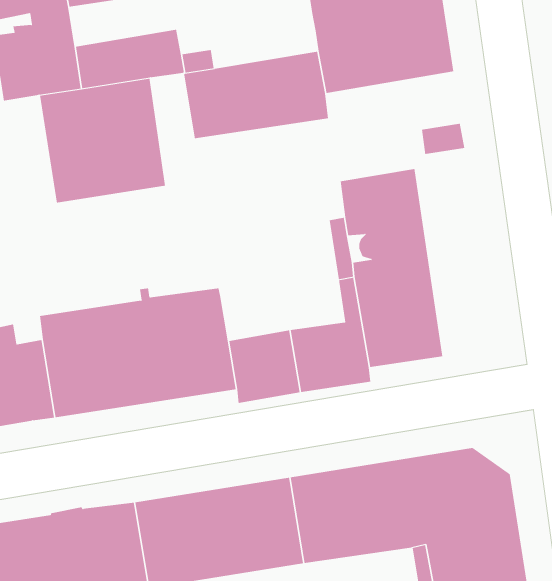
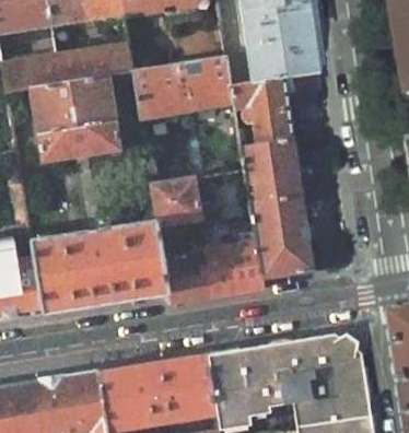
building: none -> [231,71,323,148]
building: none -> [150,178,201,227]

